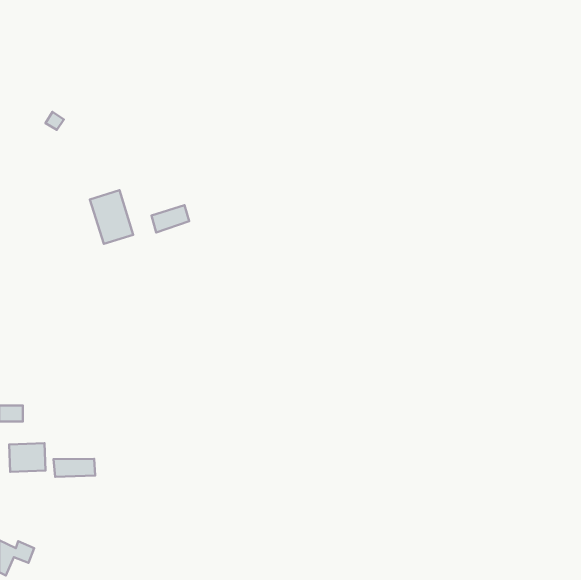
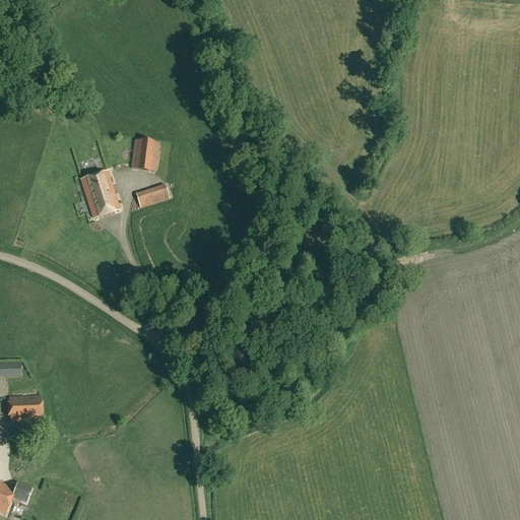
building: none -> [131,140,158,170]
building: [54,459,95,477] -> none

